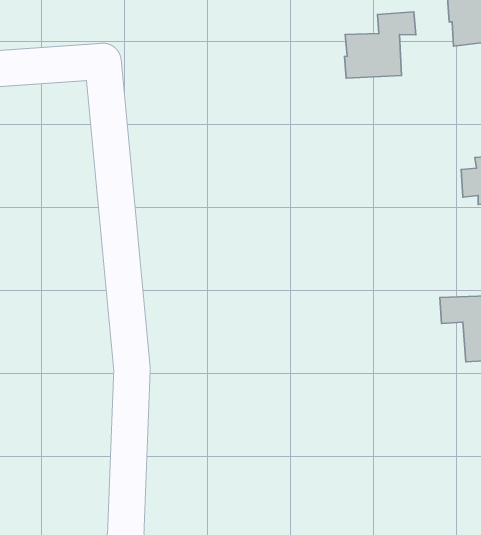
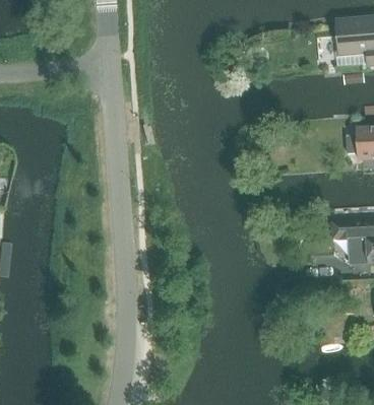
building: [344,12,416,78] -> none

